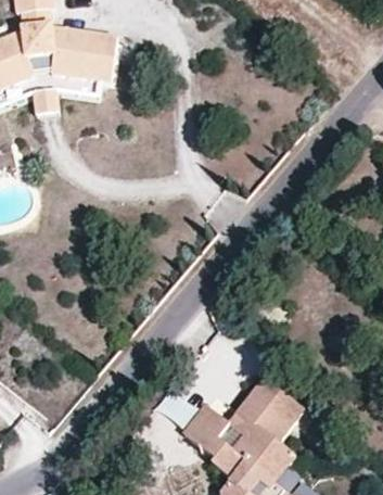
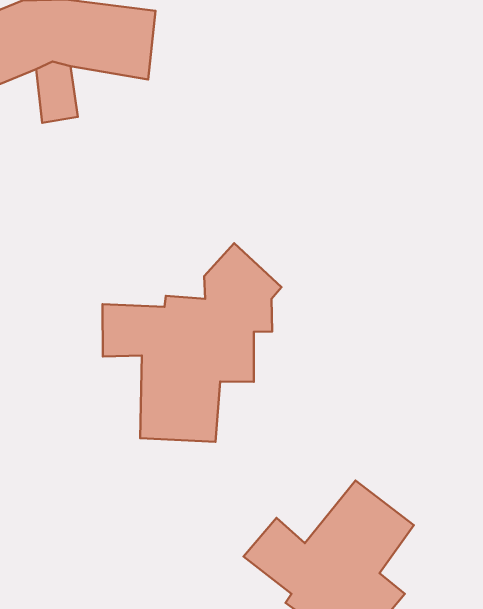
building: none -> [102,243,281,442]

